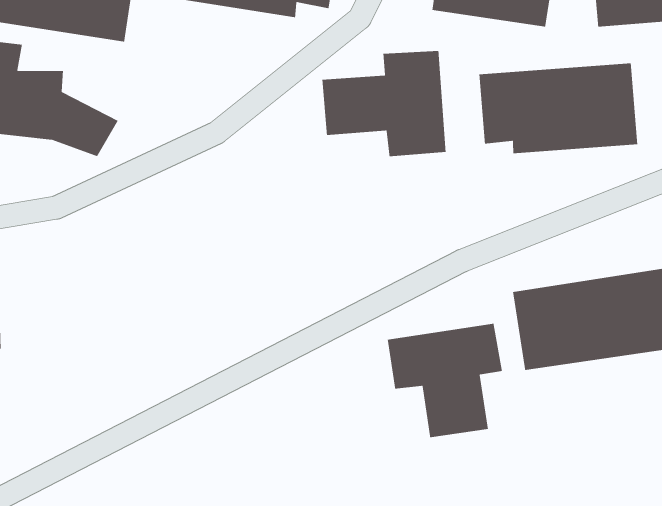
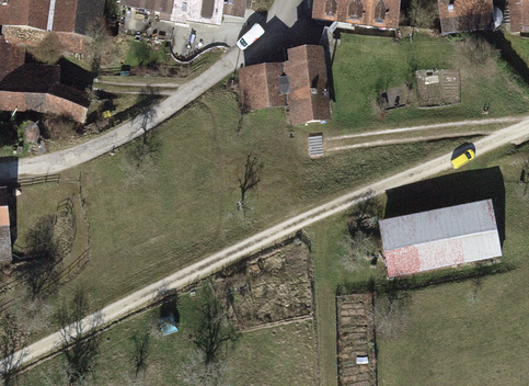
building: [479,63,638,154] -> none
building: [387,323,503,438] -> none

